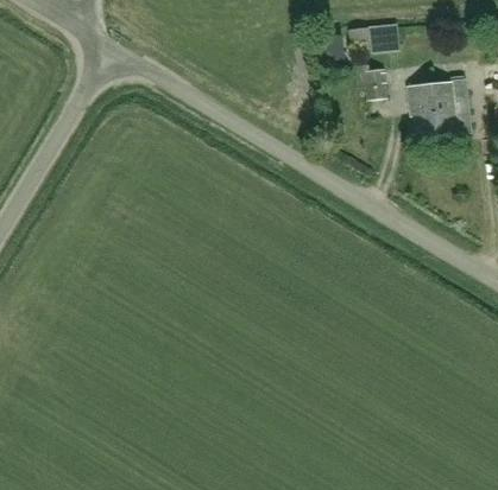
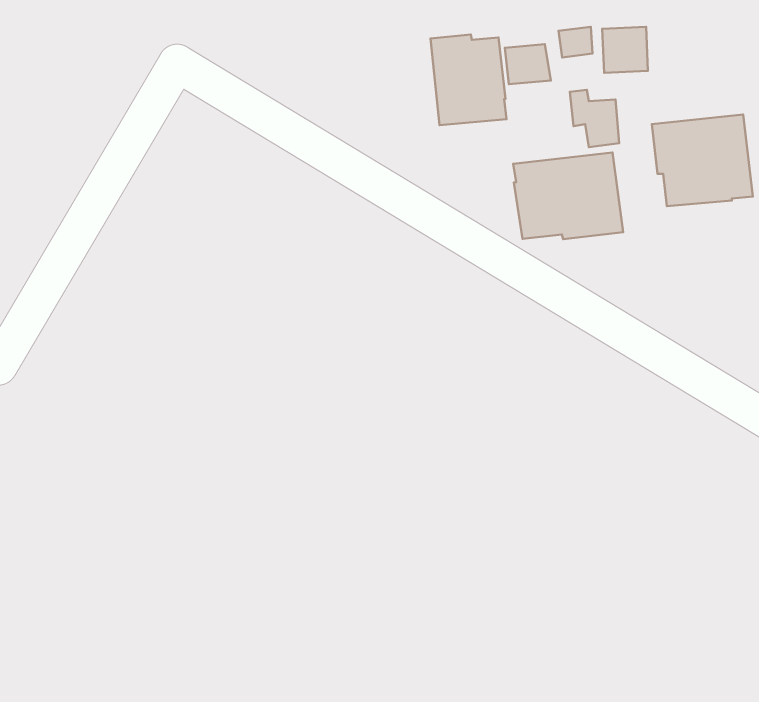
building: none -> [431,35,506,125]
building: none -> [513,152,623,239]

